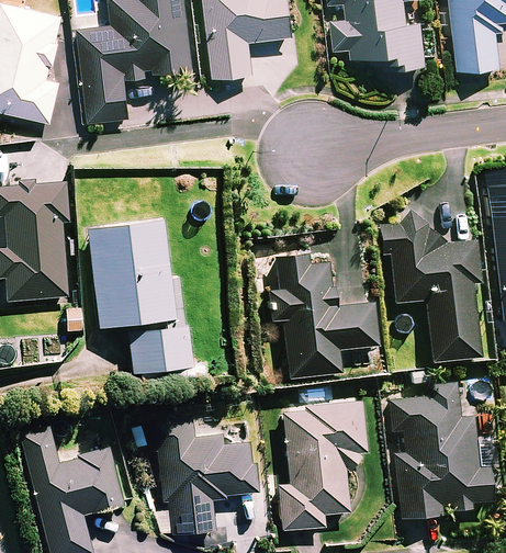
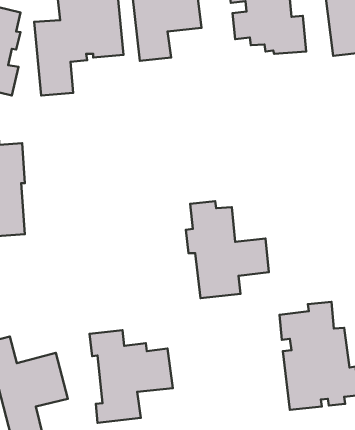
building: [380,211,479,363] -> none
building: [88,222,188,376] -> none
building: [279,403,366,531] -> none

